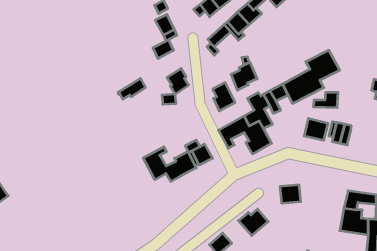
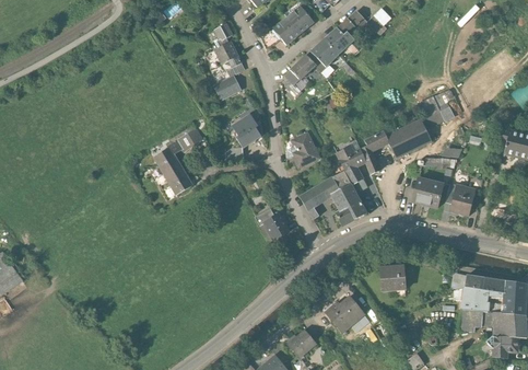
building: [231,62,257,90] -> none
building: none -> [153,146,192,193]
building: [143,147,196,181] -> none

